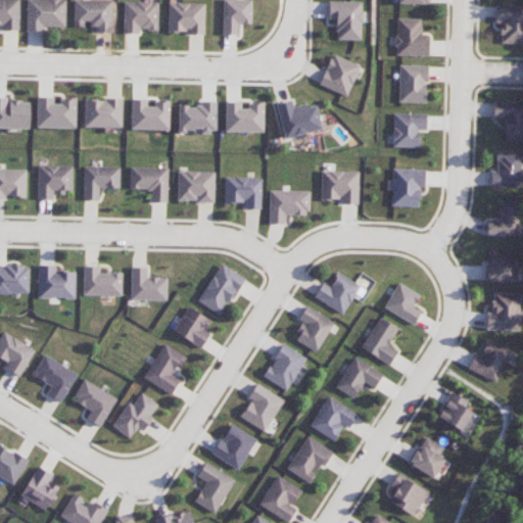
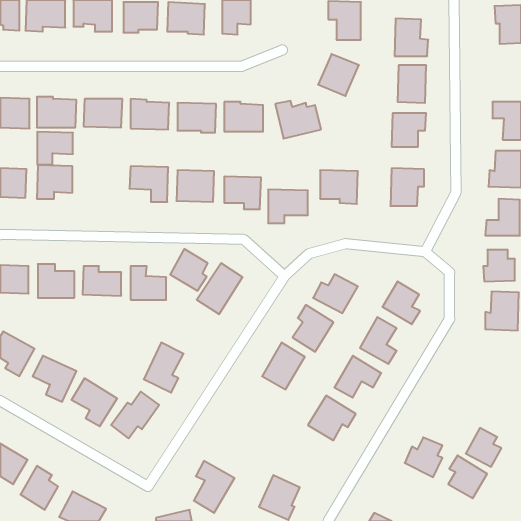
building: [84,167,120,199] -> [37,132,73,164]
building: [173,306,210,348] -> [170,249,208,291]
building: [467,339,511,382] -> none
building: [240,383,284,432] -> none
building: [436,392,472,431] -> [466,428,501,467]
building: [210,424,256,470] -> none
building: [286,436,332,483] -> none
building: [388,473,427,516] -> [448,455,487,498]

